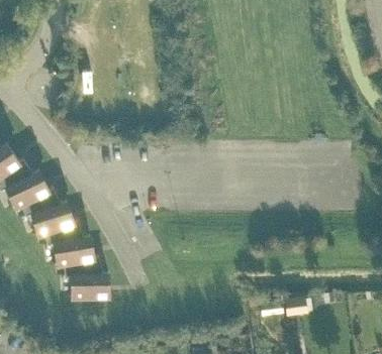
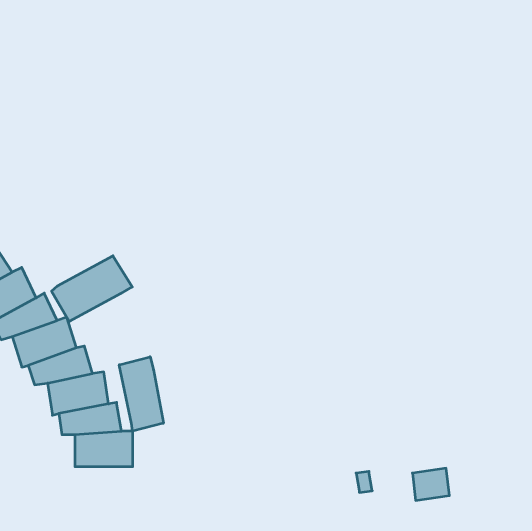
building: none -> [52,256,132,322]
building: none -> [119,357,163,431]

